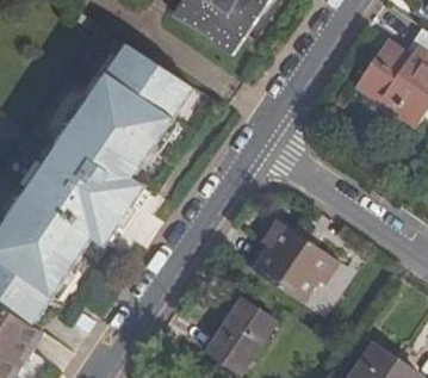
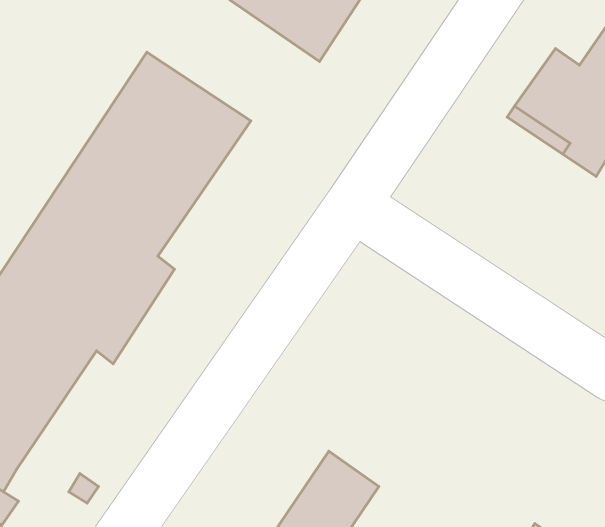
building: [247,223,331,305] -> none

